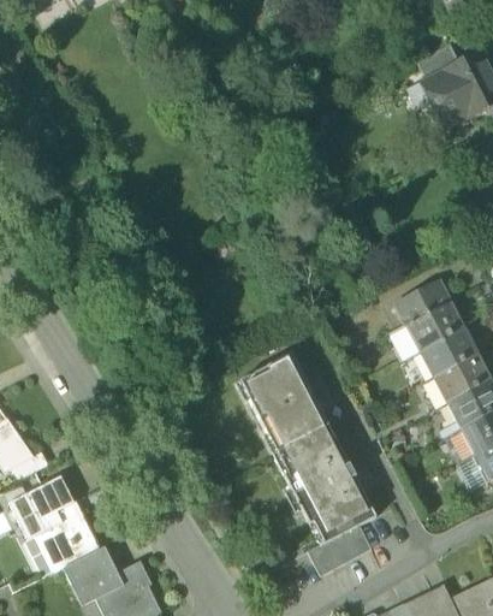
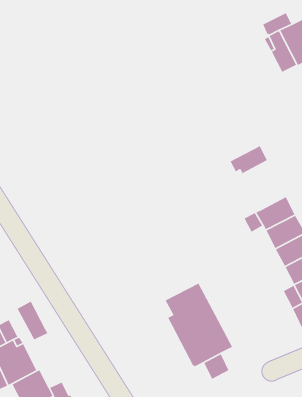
building: [396,282,450,322] -> [229,145,268,174]
building: [242,354,327,450] -> none
building: none -> [17,300,48,340]
building: [307,538,345,575] -> none

